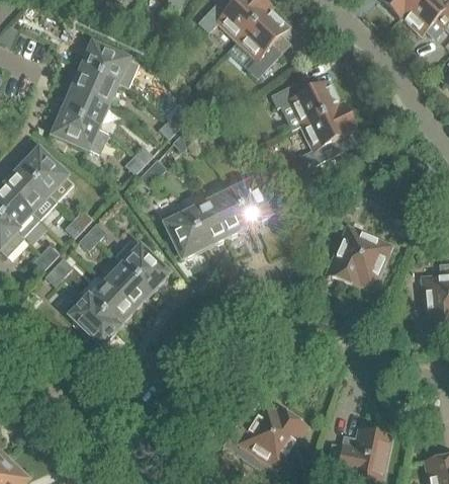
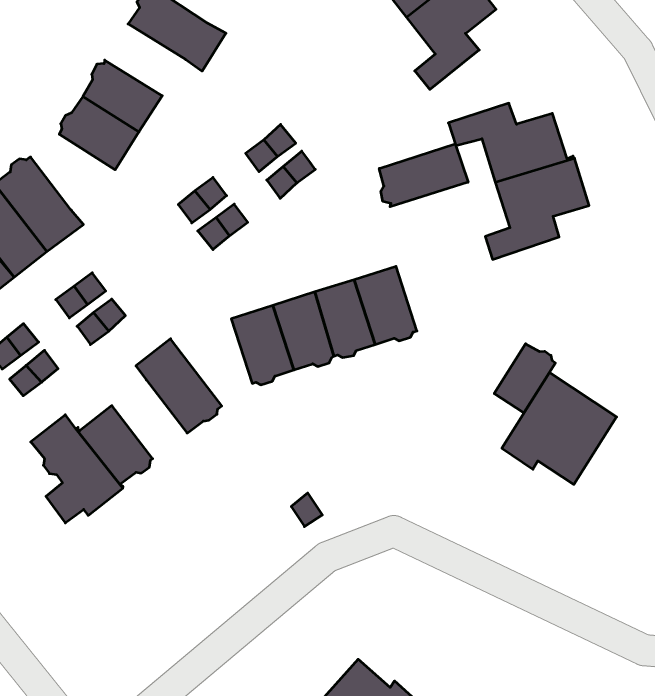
building: [72,67,117,104] -> none
building: none -> [379,144,468,207]
building: none -> [494,344,555,413]
building: [105,265,150,309] -> none

